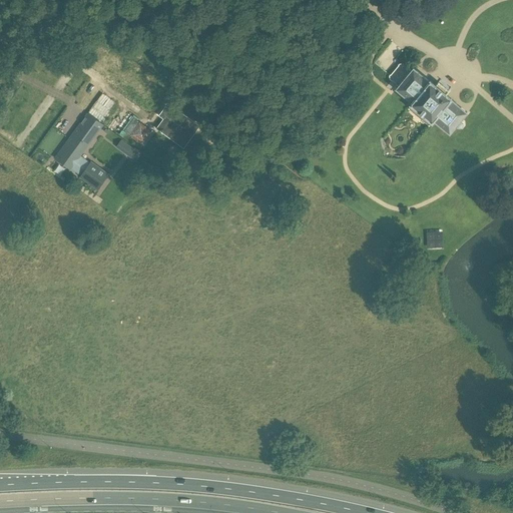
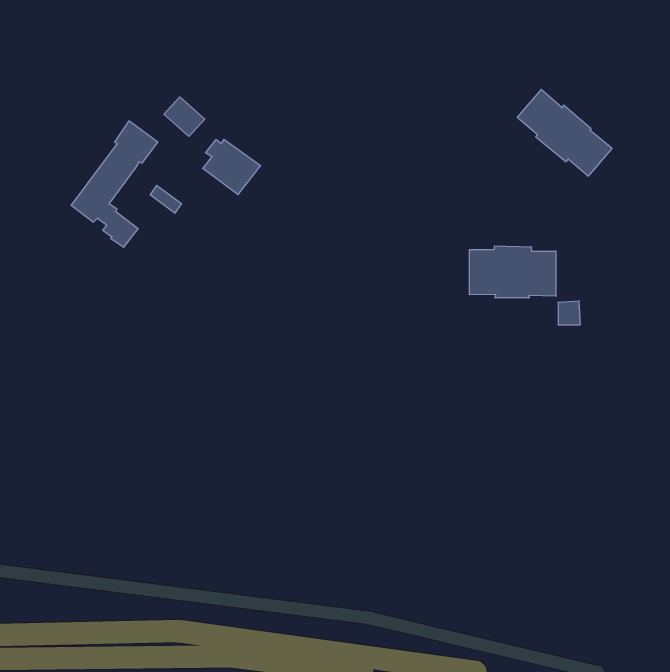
building: [121,115,152,145] -> [164,97,205,136]
building: none -> [470,246,556,298]

